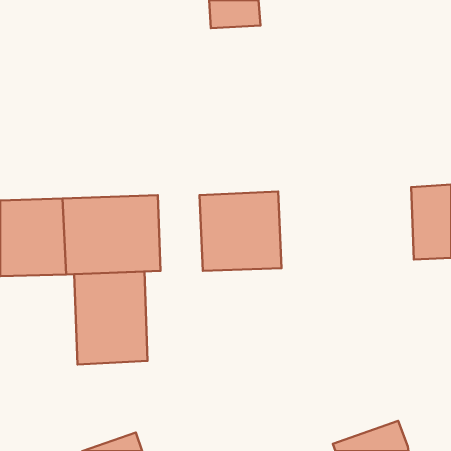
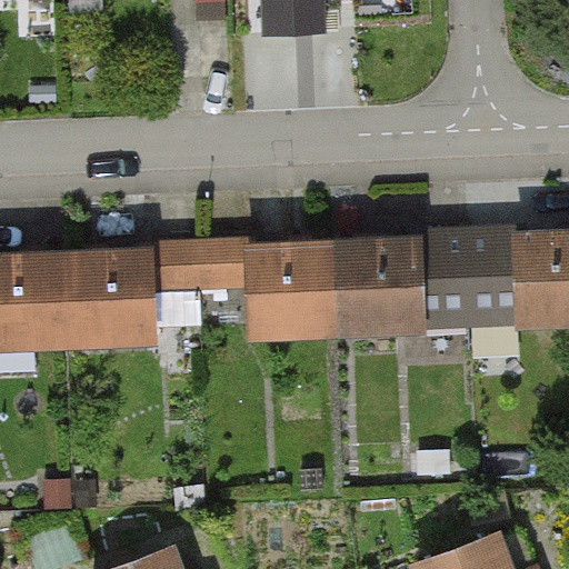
building: none -> [350,237,471,338]
building: [74,272,148,364] -> none

